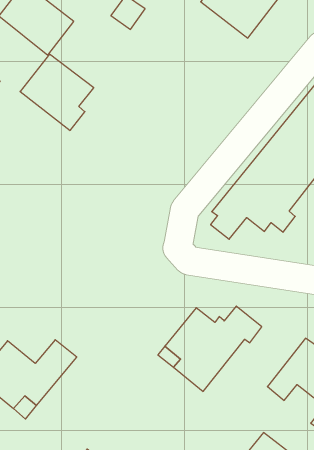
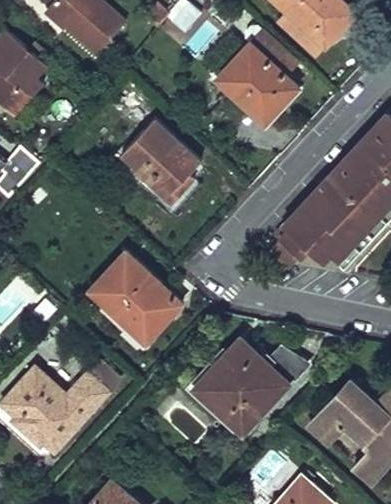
building: none -> [217,39,296,117]
building: [20,54,94,130] -> [116,125,195,208]
building: none -> [88,247,181,342]

